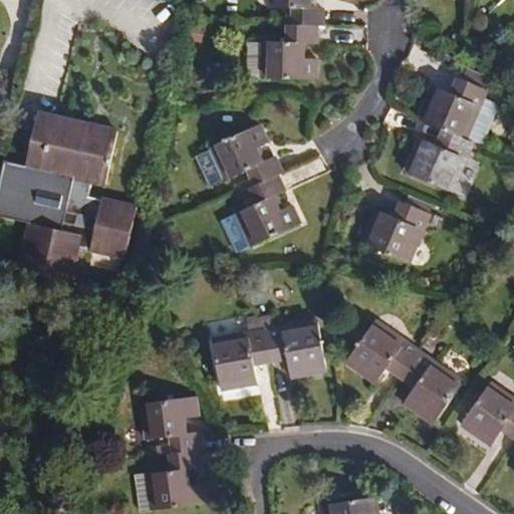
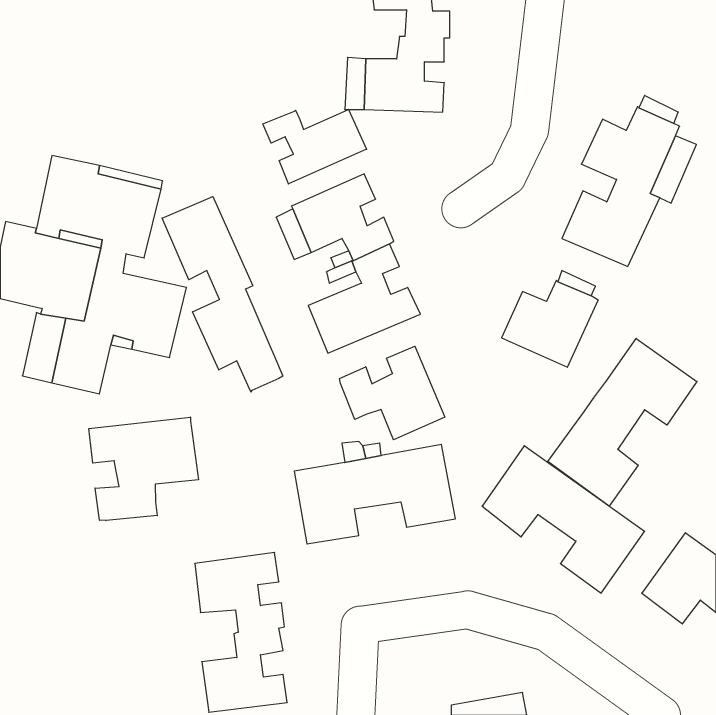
building: none -> [263,109,367,184]
building: none -> [162,197,283,392]
building: none -> [548,338,697,506]
building: none -> [339,346,445,440]
building: none -> [89,417,198,521]

